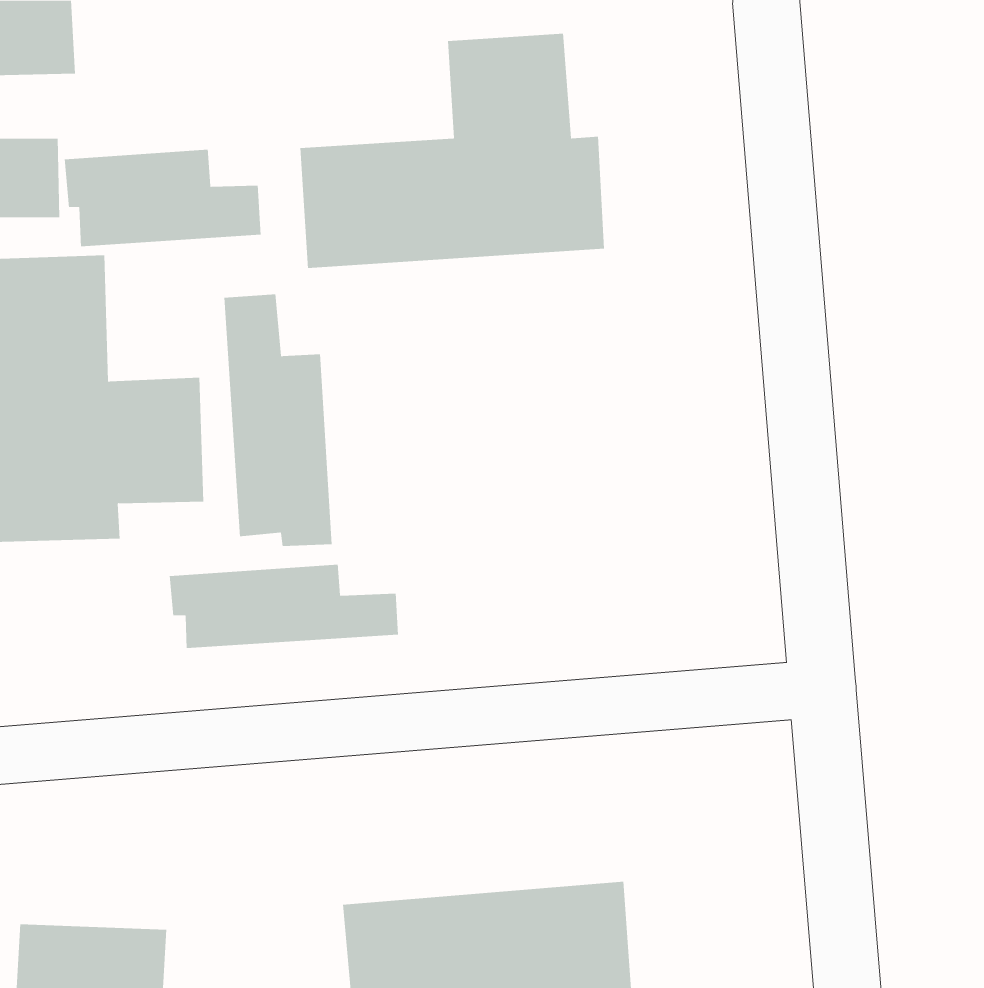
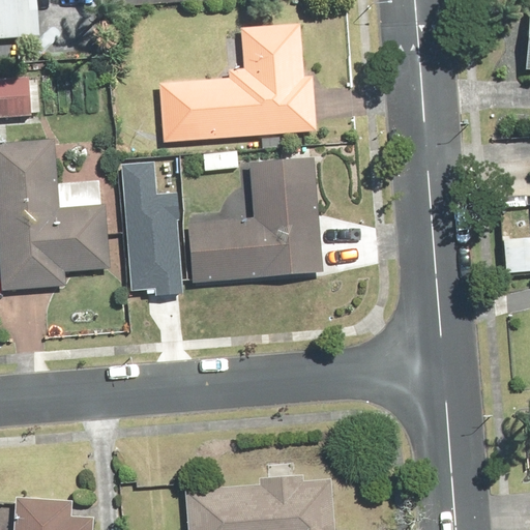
building: [64,149,261,247] -> none
building: none -> [186,154,324,285]
building: [169,564,398,649] -> none

